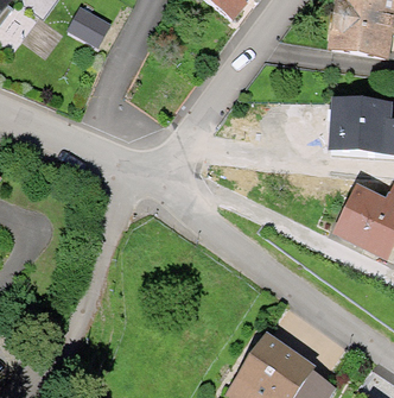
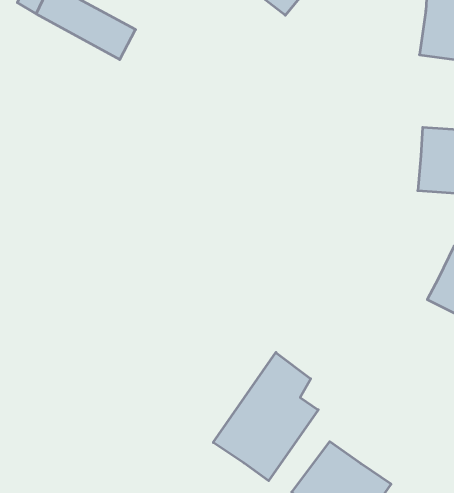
building: none -> [213,352,318,481]

